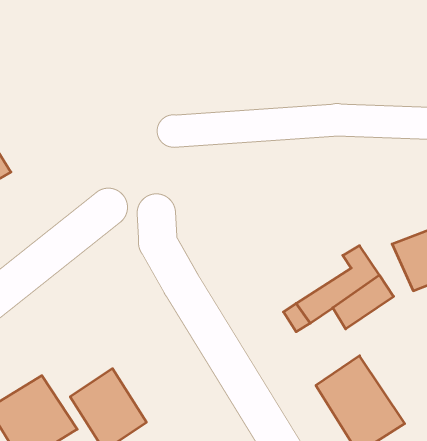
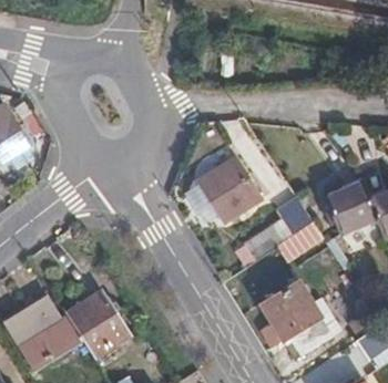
building: none -> [200,156,262,220]

